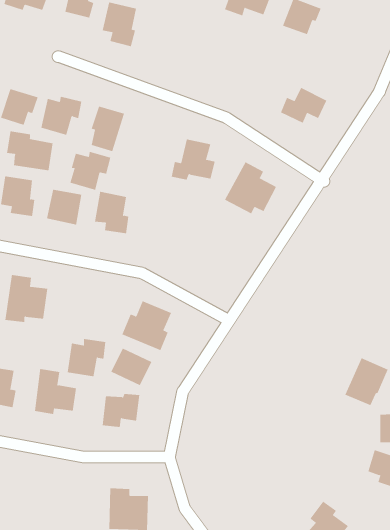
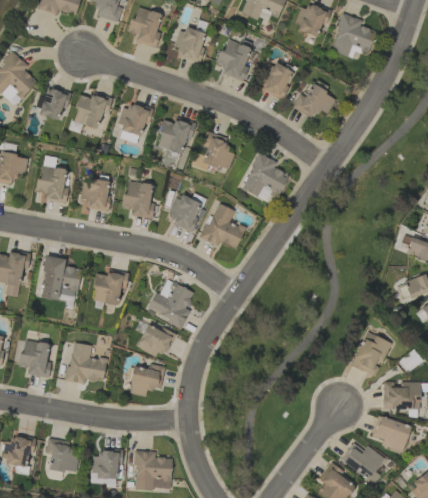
building: none -> [331,14,375,58]
building: none -> [175,26,205,64]
building: none -> [216,39,251,82]
building: none -> [259,61,292,100]
building: [6,130,53,171] -> none
building: [70,151,111,190] -> [157,118,195,154]
building: none -> [168,193,201,232]
building: none -> [201,203,245,249]
building: [67,338,106,377] -> [92,270,128,305]
building: none -> [45,438,80,473]
building: none -> [340,443,388,482]
building: none -> [91,452,122,478]

